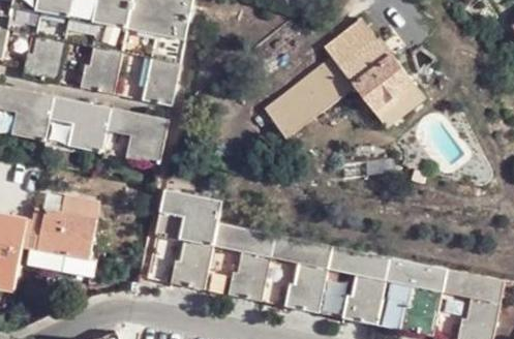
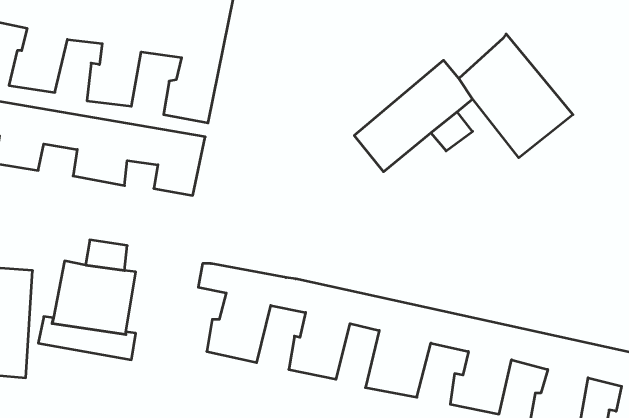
building: [327,23,377,72] -> none
building: [160,187,219,220] -> none

